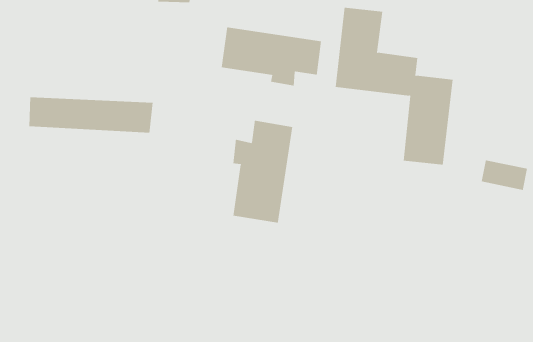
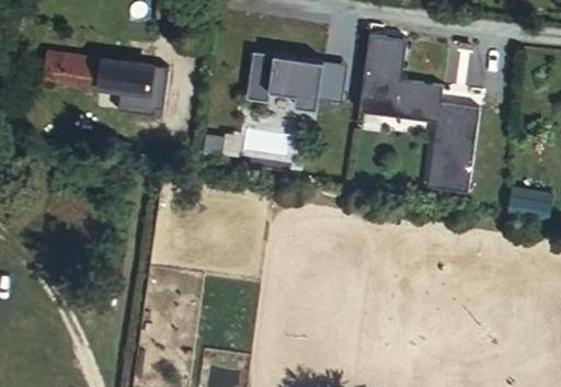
building: [28,97,153,133] -> [31,58,156,94]
building: [233,120,293,224] -> none

